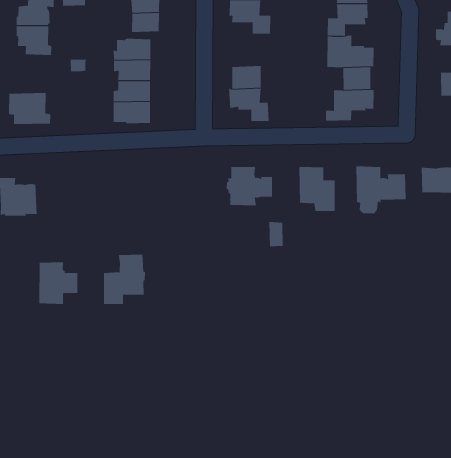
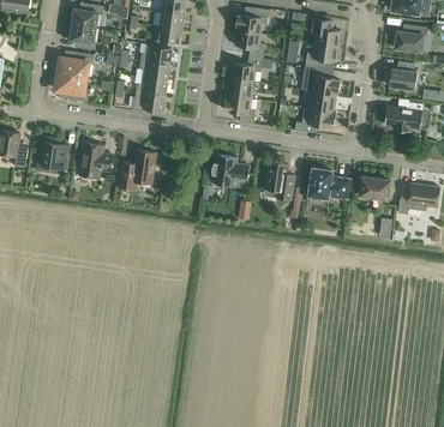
building: none -> [227,56,263,82]
building: none -> [58,50,94,78]
building: [103,254,146,305] -> [119,151,155,190]
building: [38,262,78,305] -> [79,144,113,179]

